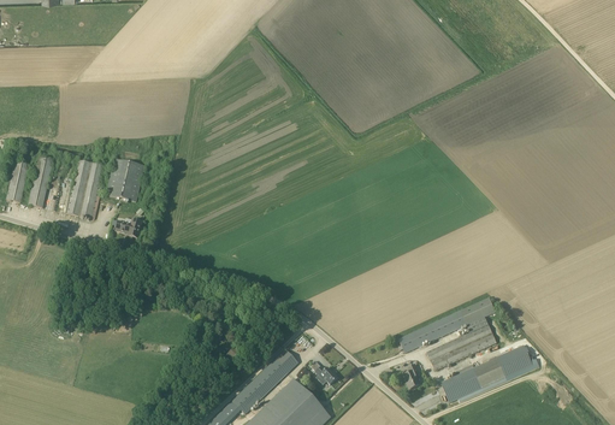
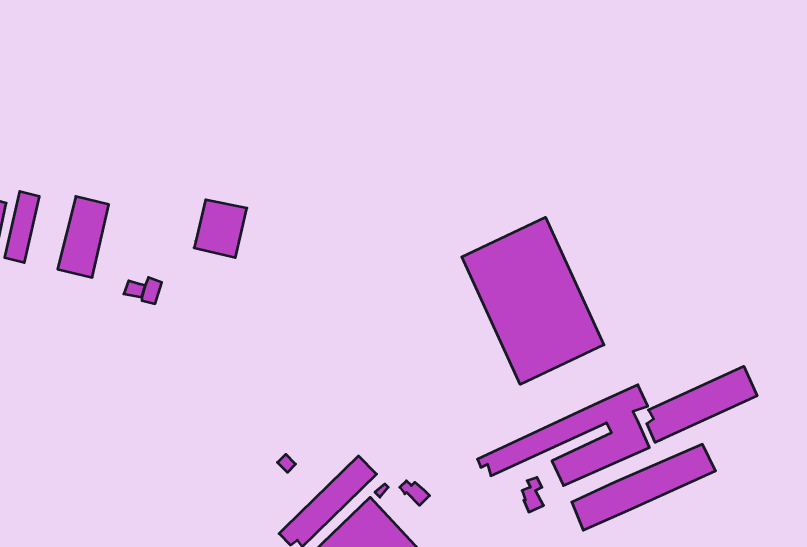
building: [106,159,144,201] -> [194,200,247,258]
building: none -> [462,217,604,384]
building: none -> [647,366,757,442]

